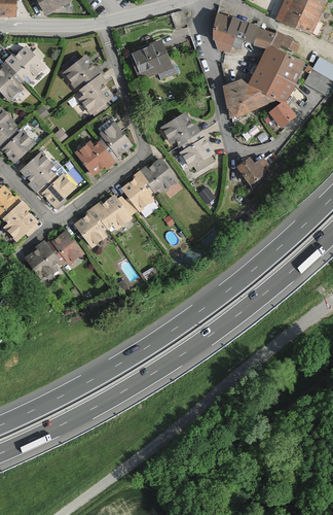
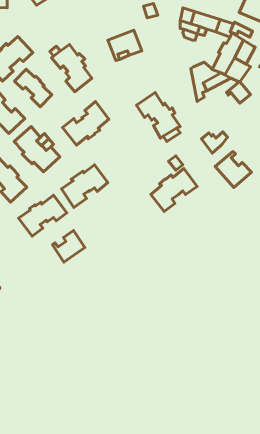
building: none -> [14,69,52,107]
building: [123,160,177,209] -> [151,169,197,211]
building: none -> [215,151,251,187]
building: none -> [52,231,85,262]

